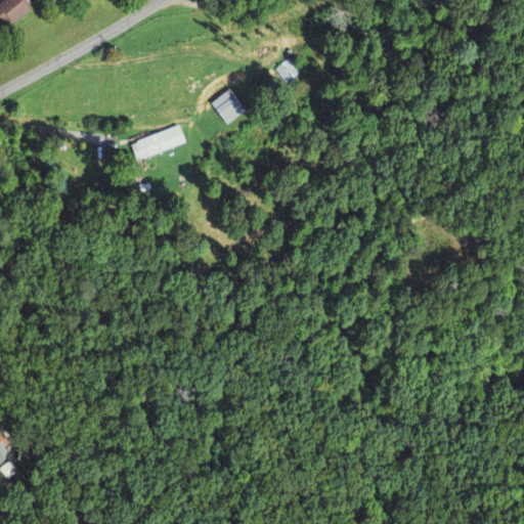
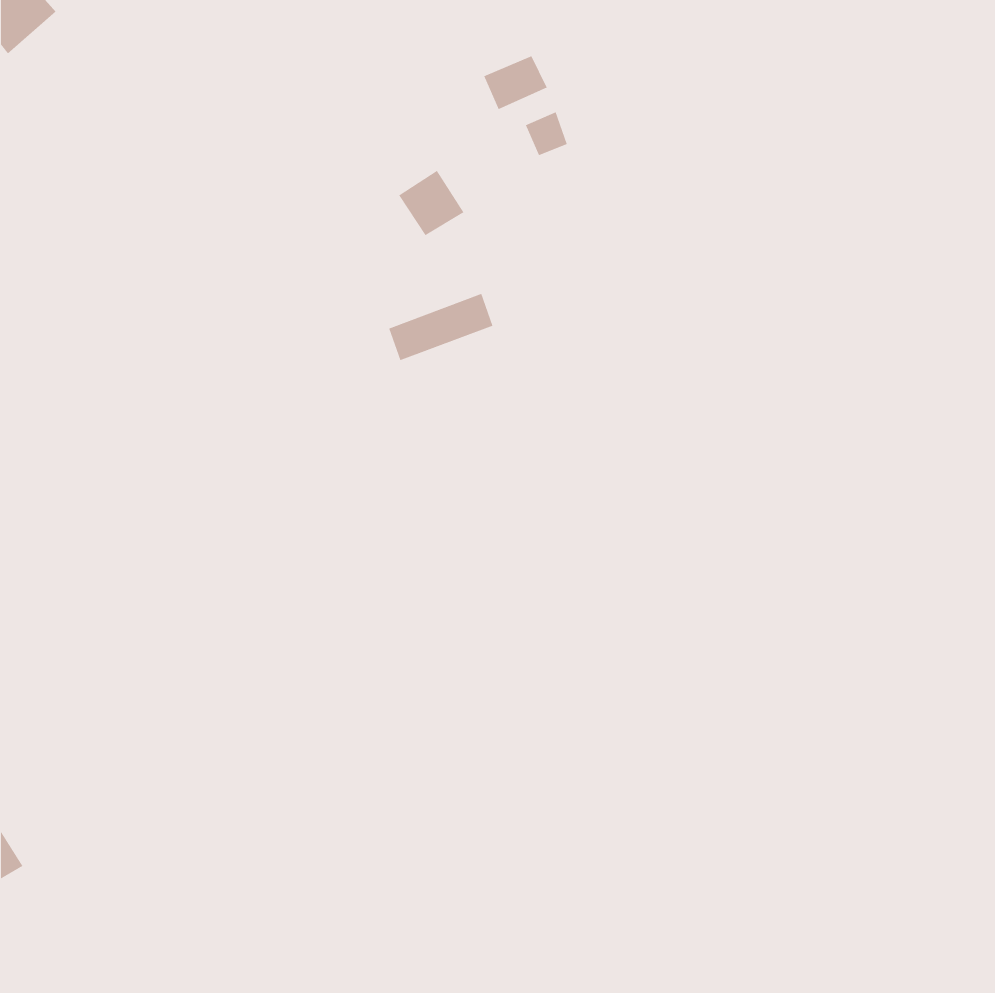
building: none -> [483,55,548,110]
building: [131,125,186,161] -> [388,293,494,361]

